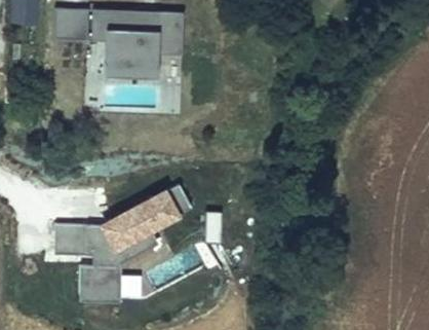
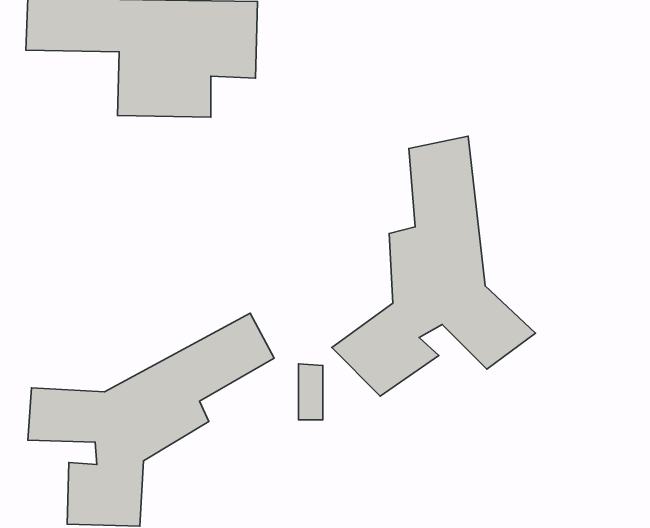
building: none -> [332,136,535,396]

